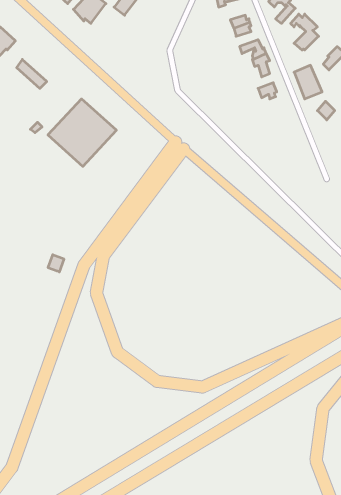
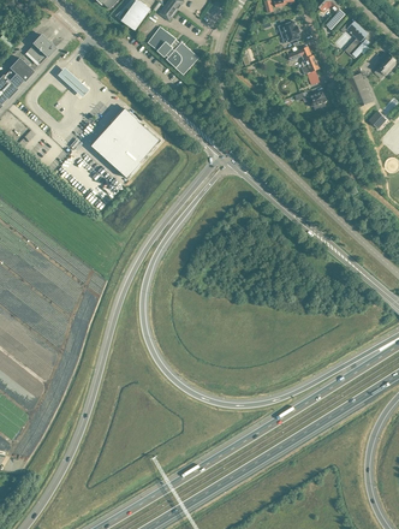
building: none -> [147,26,191,75]

